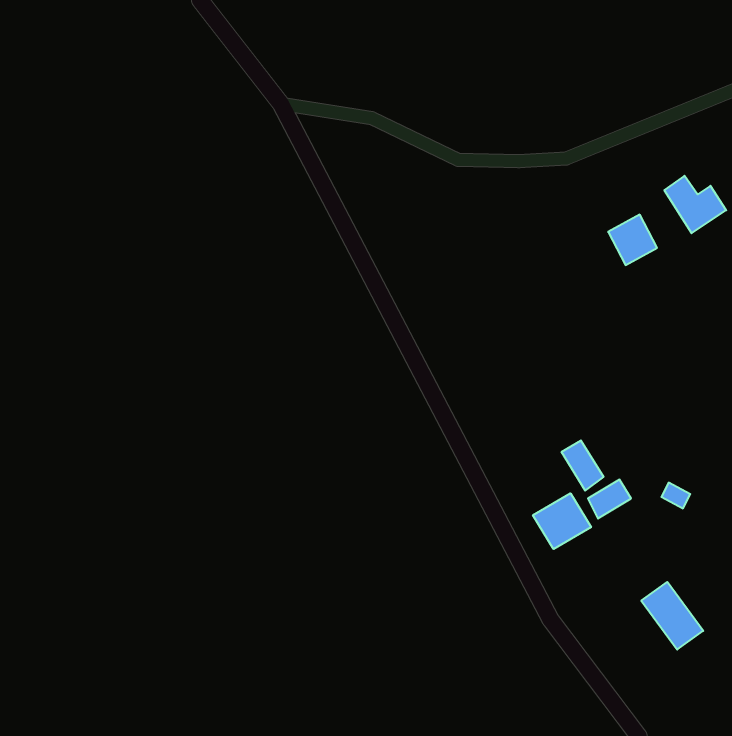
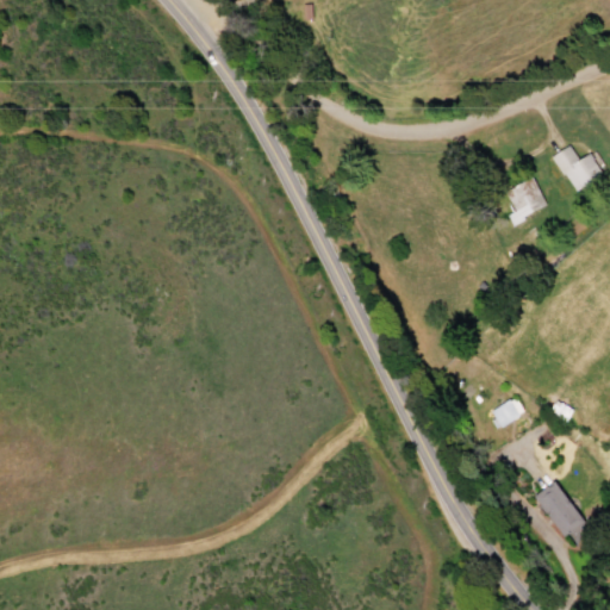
building: [562,440,604,491] -> none
building: [533,493,591,549] -> none

